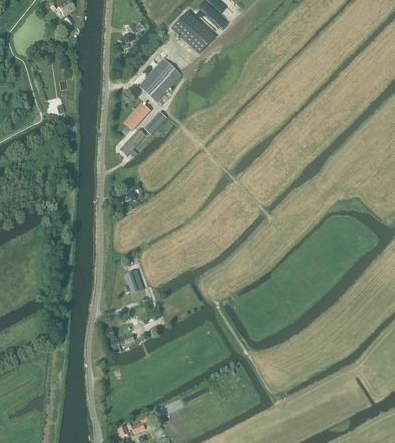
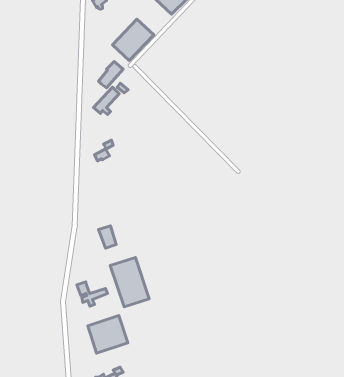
building: none -> [110,257,149,307]
building: none -> [88,316,128,353]

